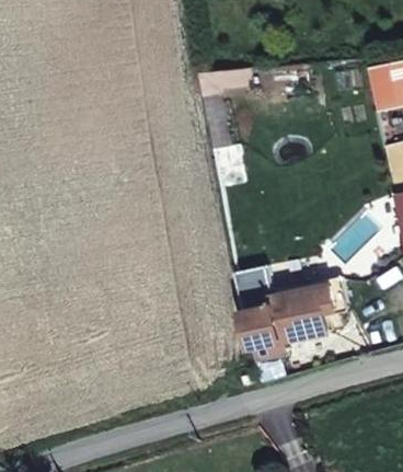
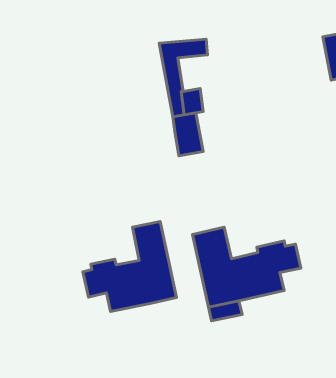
building: none -> [83,222,177,312]

